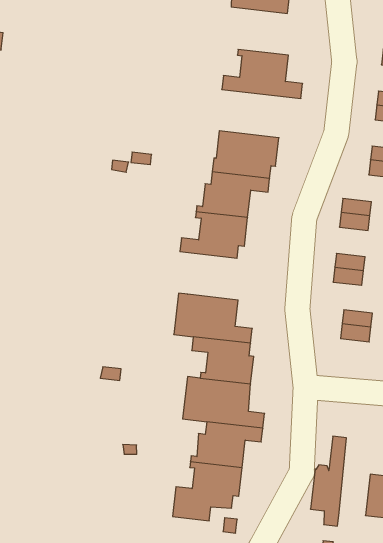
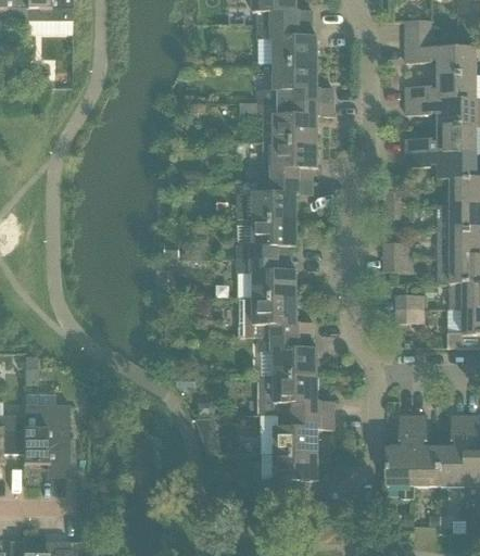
building: none -> [258,23,317,62]
building: none -> [258,101,333,140]
building: none -> [237,257,296,296]
building: none -> [413,414,439,484]

